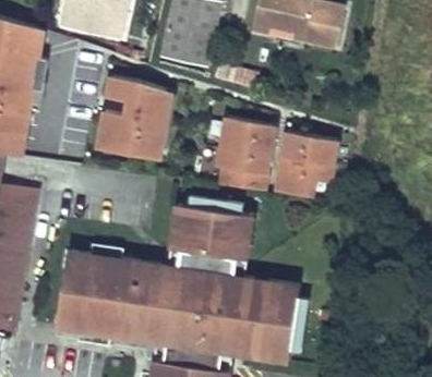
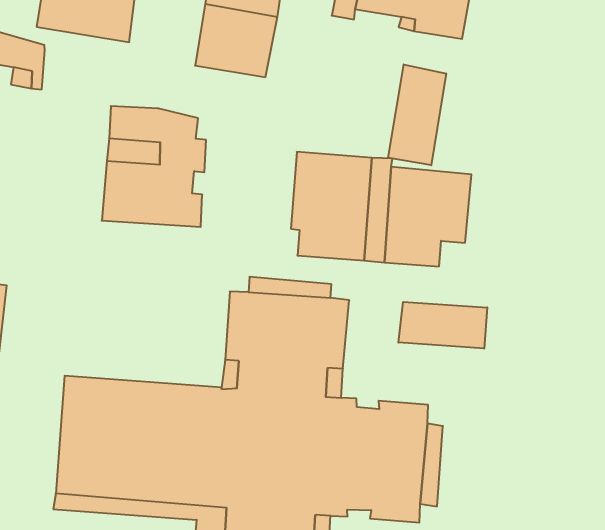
building: none -> [388,64,446,165]
building: none -> [398,302,487,349]

